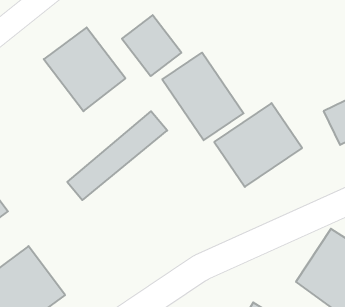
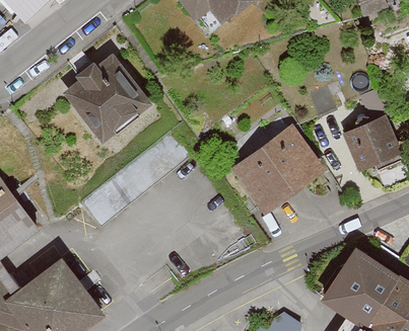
building: [122,15,181,76] -> none
building: [162,53,244,140] -> none

